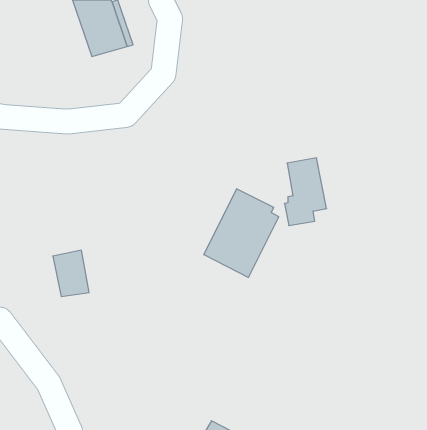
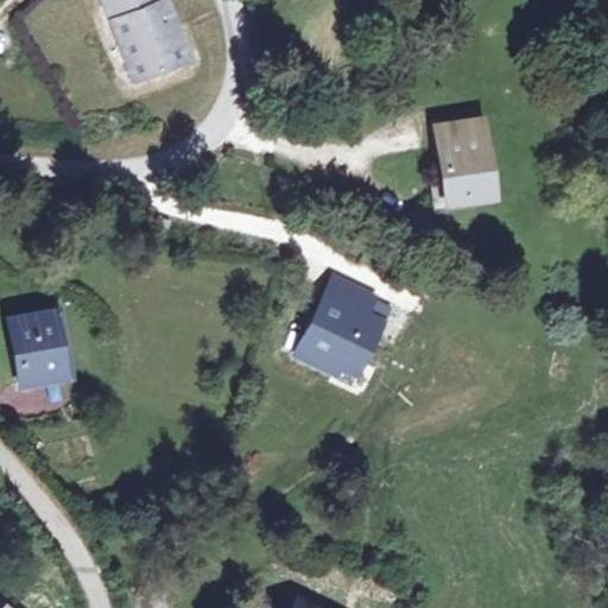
building: [284,158,327,225] -> [426,109,486,204]
building: [53,250,89,297] -> [18,323,69,388]

